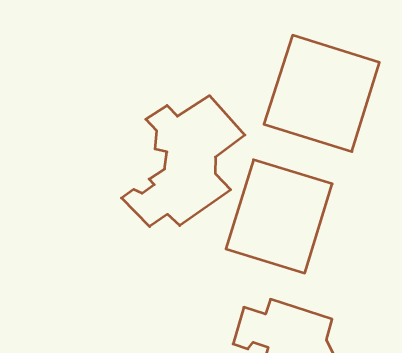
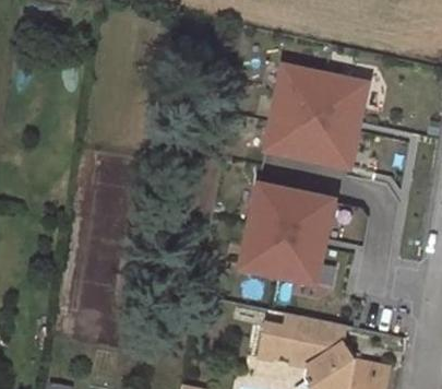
building: [121,96,245,227] -> none

